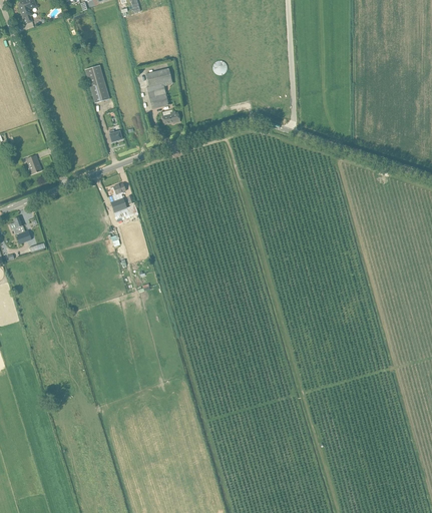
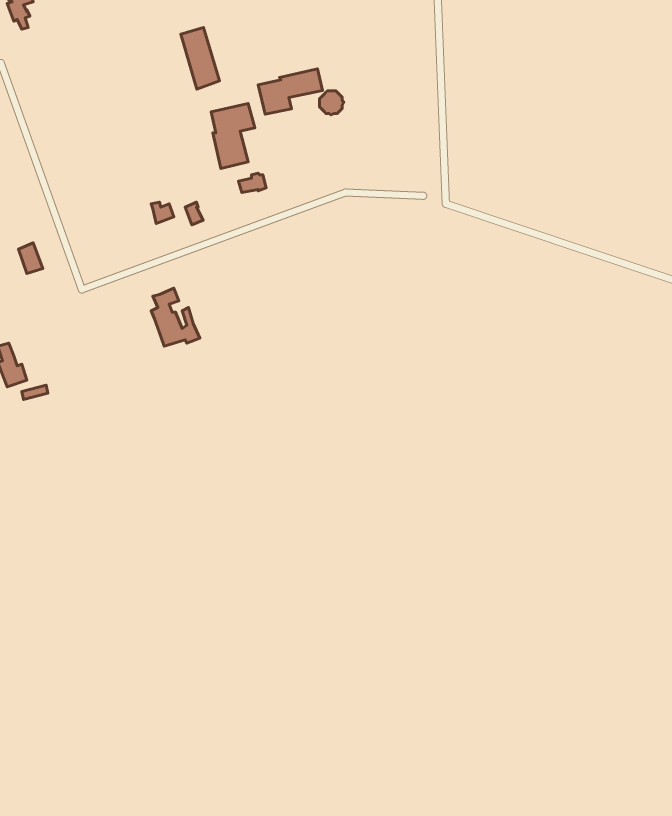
building: none -> [258,69,322,114]
building: [85,64,109,102] -> [181,28,220,89]

